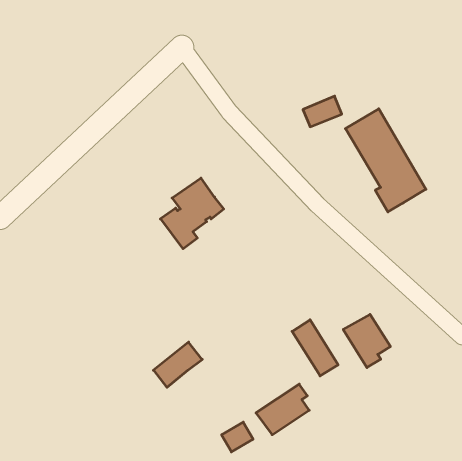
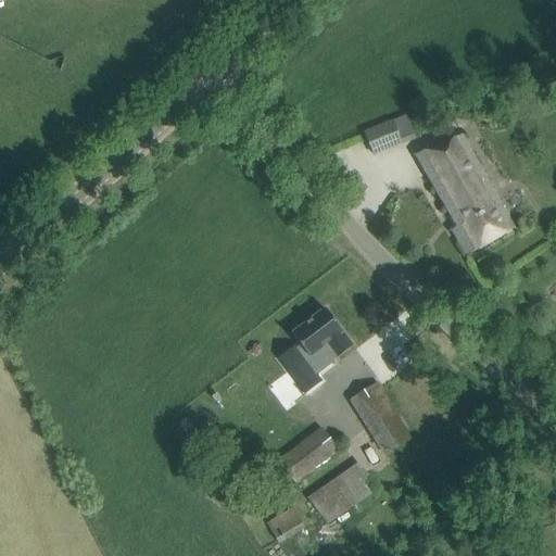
building: [160,178,224,249] -> [277,307,353,392]
building: [343,314,390,368] -> none
building: [153,342,202,387] -> [279,427,338,481]

